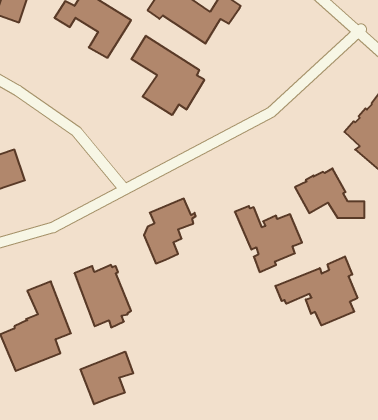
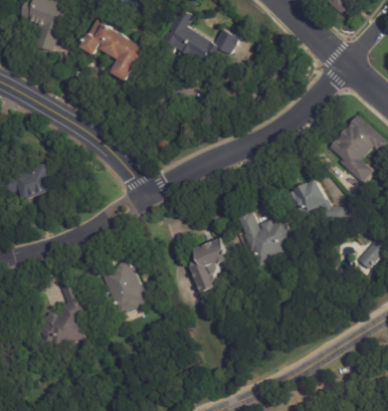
building: [131,36,204,115] -> none
building: [144,199,196,263] -> [189,235,233,290]
building: [275,256,357,325] -> none
building: [80,352,133,404] -> none

